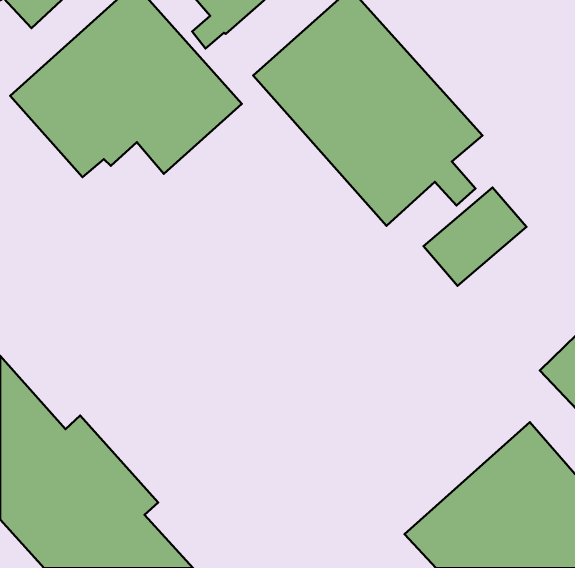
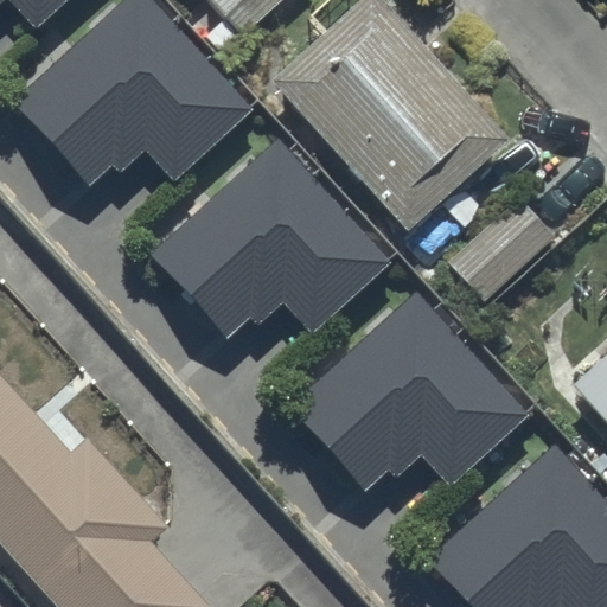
building: none -> [149,139,394,371]
building: none -> [288,289,530,492]

